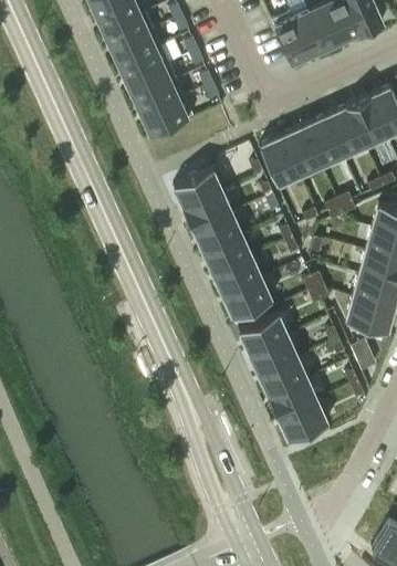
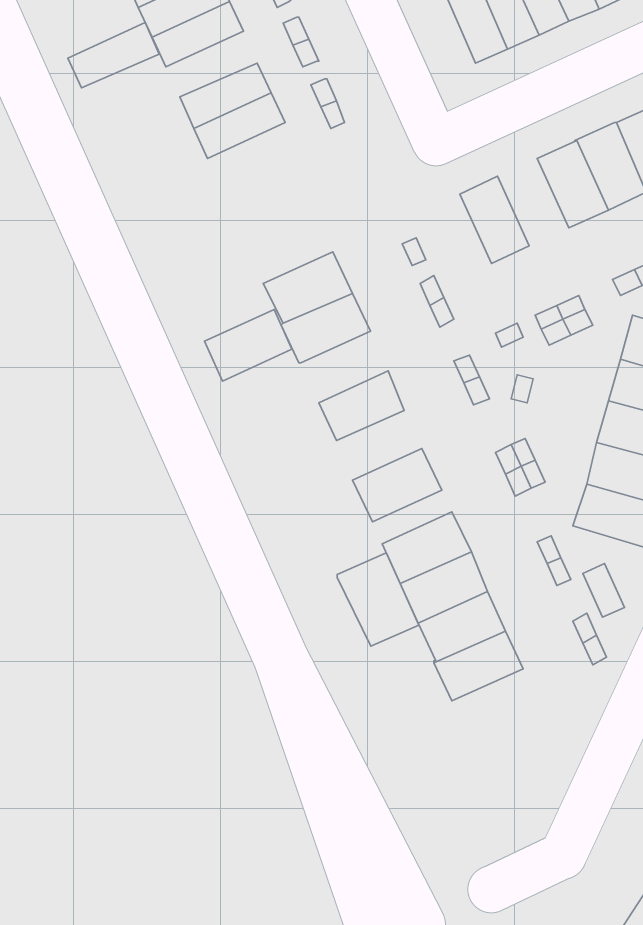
building: [118,48,169,84] -> [68,22,159,88]
building: [142,98,192,136] -> none
building: [303,118,343,167] -> none
building: [259,138,300,187] -> none
building: [194,214,242,254] -> [205,310,292,381]
building: [213,259,261,297] -> none
building: none -> [337,553,419,646]
building: [278,402,327,443] -> none

